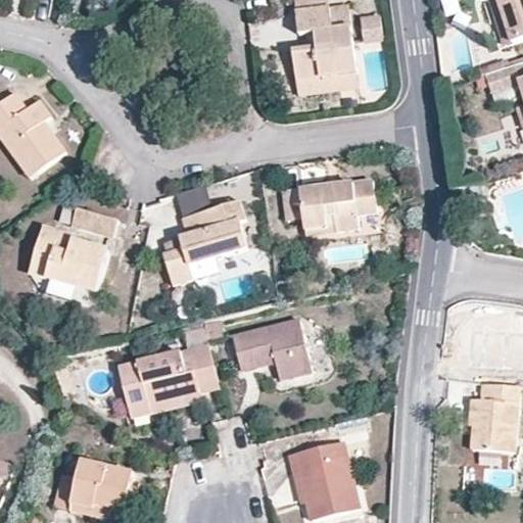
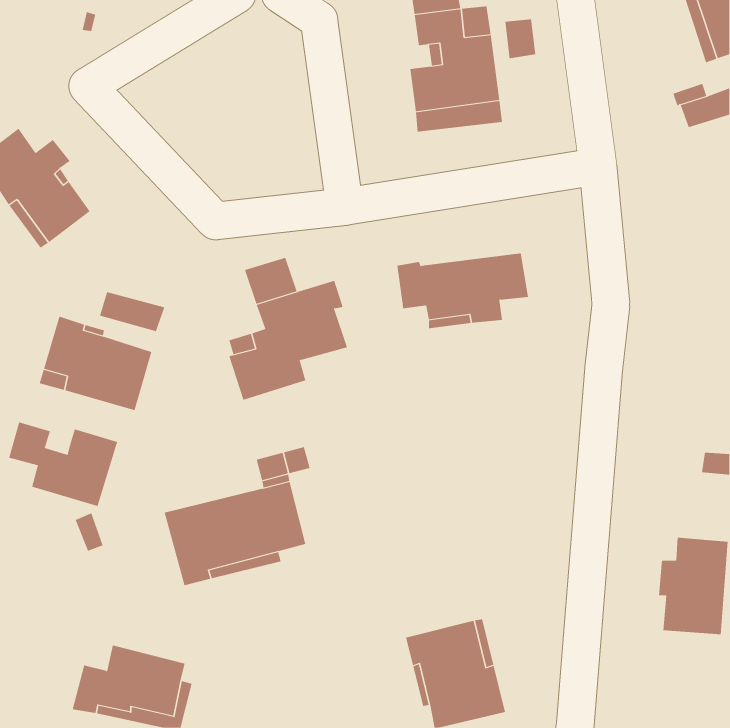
building: none -> [8,421,118,507]
building: [232,318,311,379] -> none

